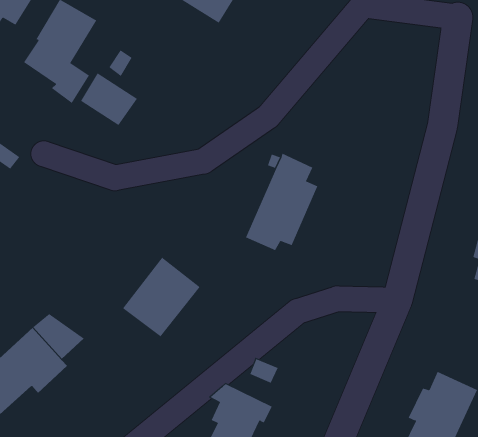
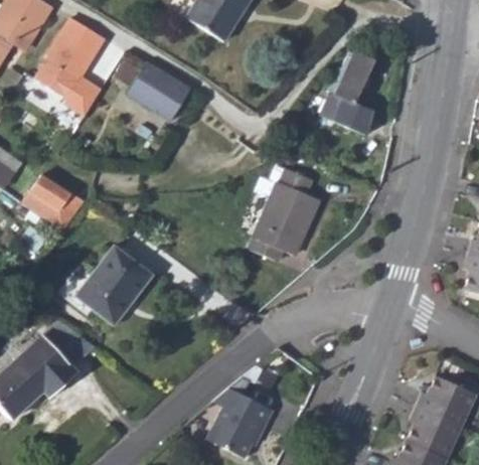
building: none -> [320,50,374,134]
building: [80,73,138,126] -> [132,64,187,116]
building: none -> [28,175,89,234]
building: [122,257,200,337] -> [76,247,152,324]

